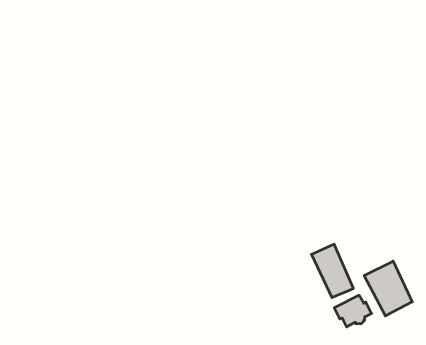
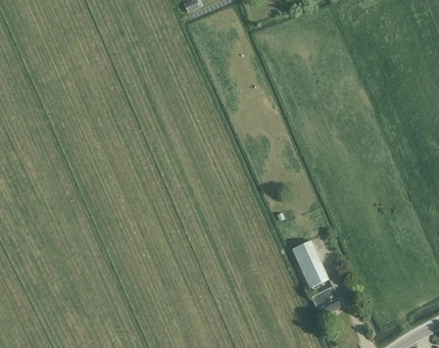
building: [364,261,412,316] -> none

